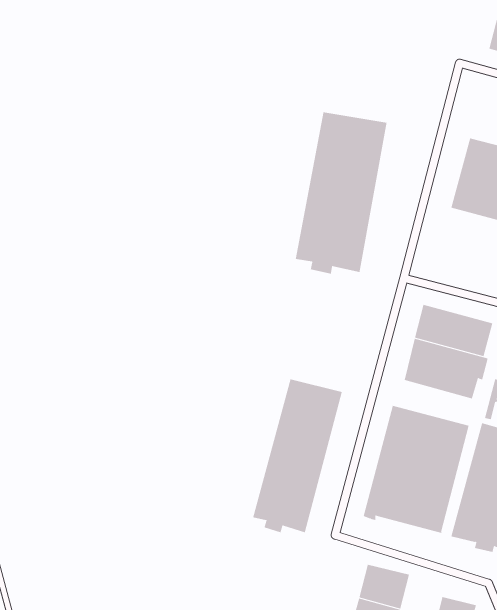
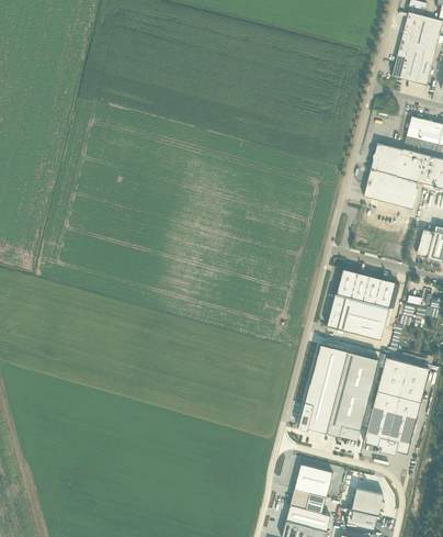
building: [295,112,387,274] -> none
building: [252,378,343,533] -> none

